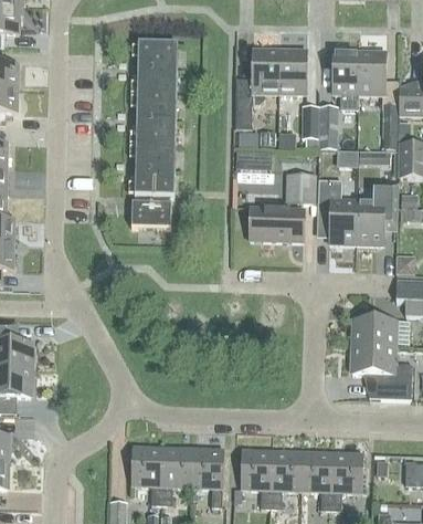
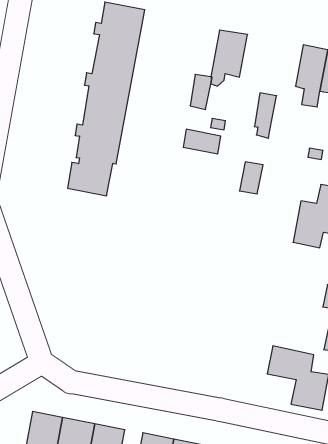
building: [278,50,306,92] -> none
building: [316,104,337,138] -> none
building: [316,178,357,242] -> none
building: [248,207,303,240] -> none
building: [352,318,394,347] -> none

